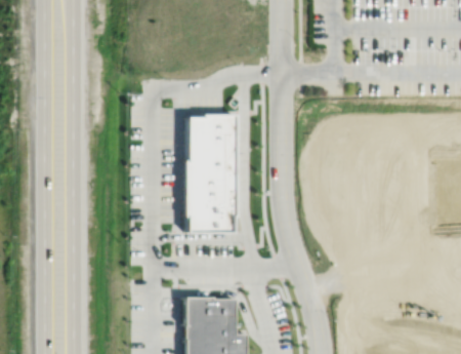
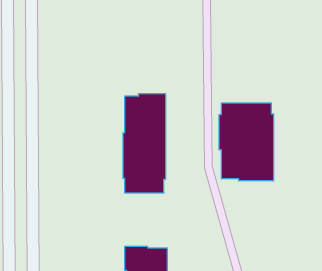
building: none -> [219,103,273,181]

